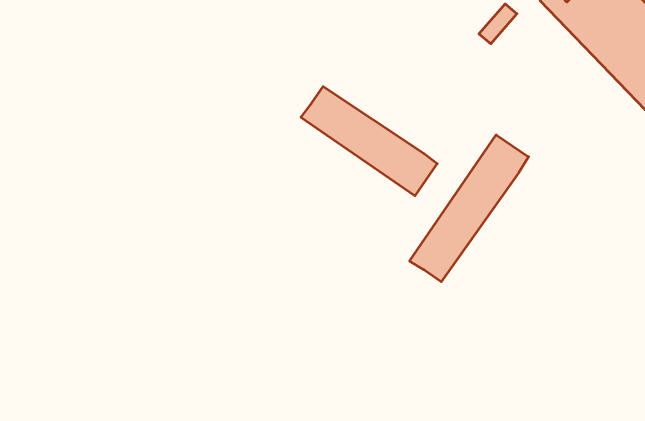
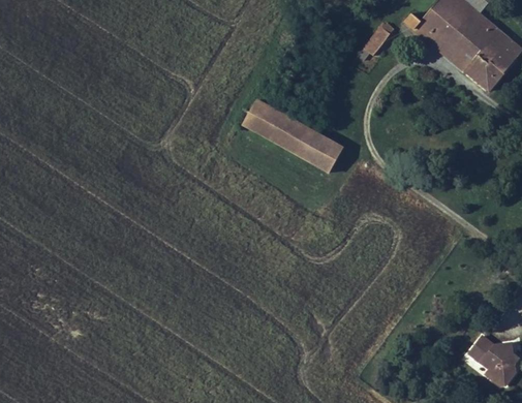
building: [410,135,529,282] -> none

